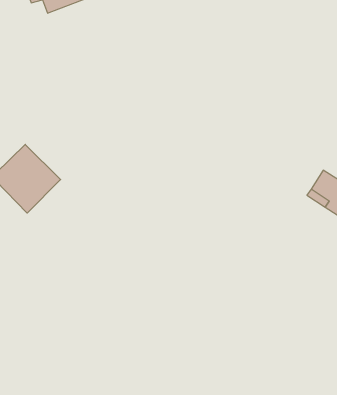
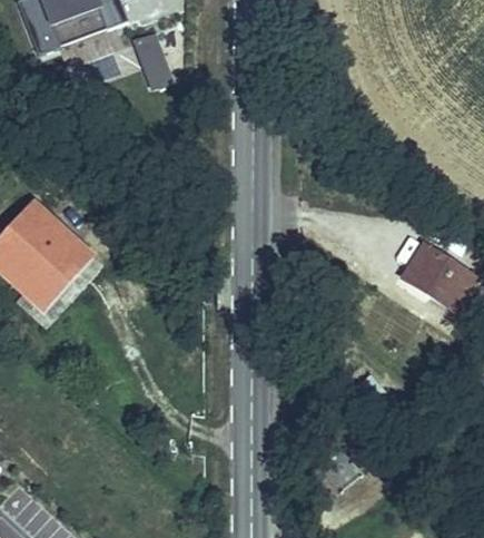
building: none -> [130,30,170,82]

